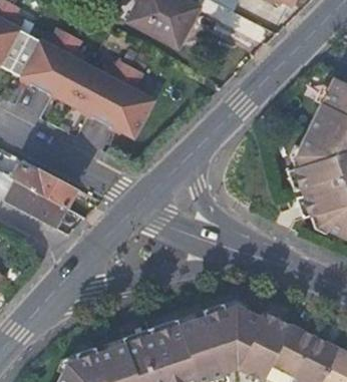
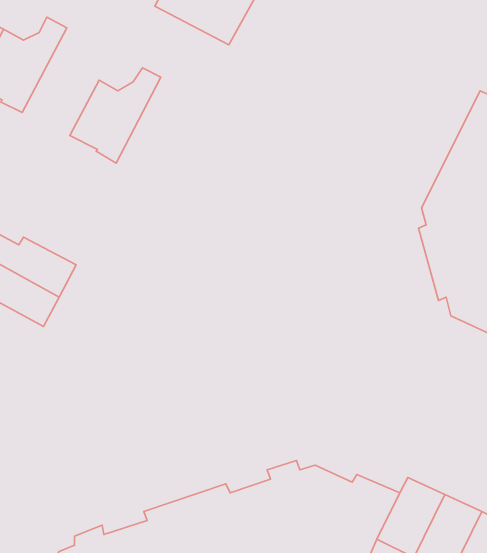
building: [38,32,88,102] -> none
building: [99,64,150,135] -> none

